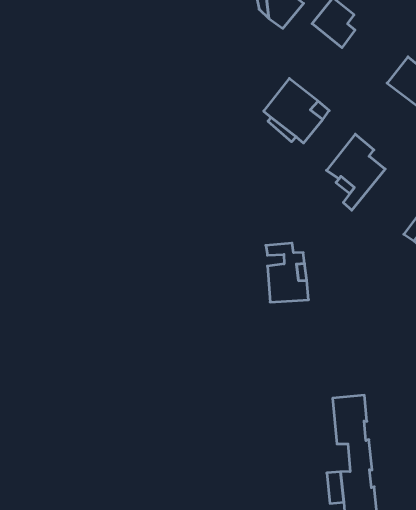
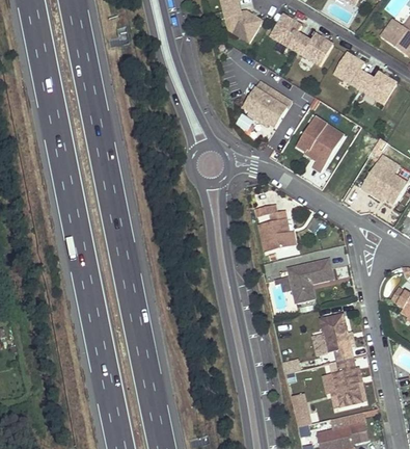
building: none -> [296,33,333,65]
building: none -> [288,259,331,302]

